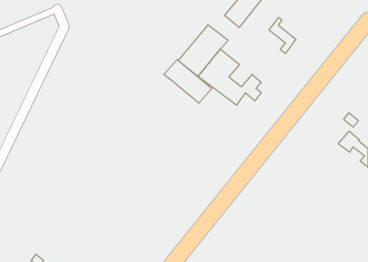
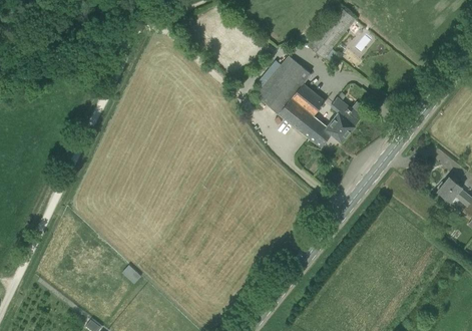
building: [269,18,296,53] -> [330,92,361,133]
building: [164,60,212,103] -> none

